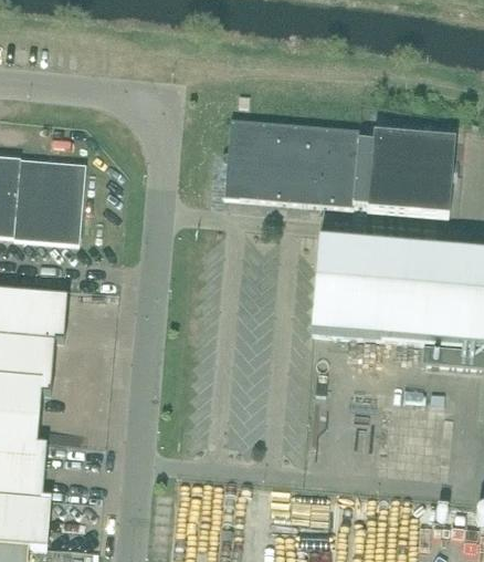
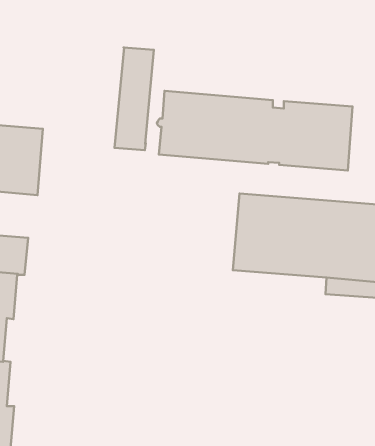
building: none -> [114,47,154,150]

